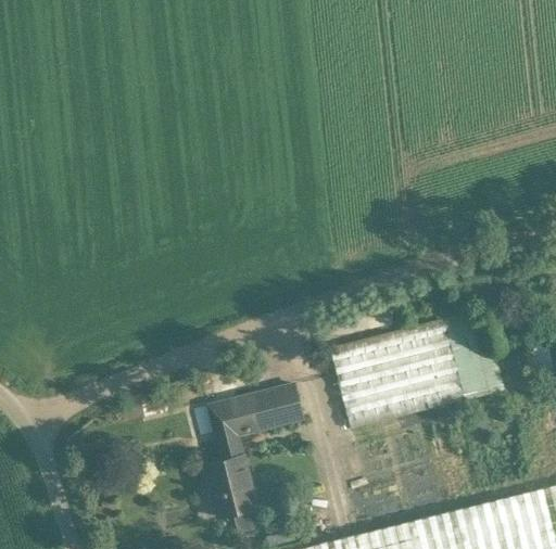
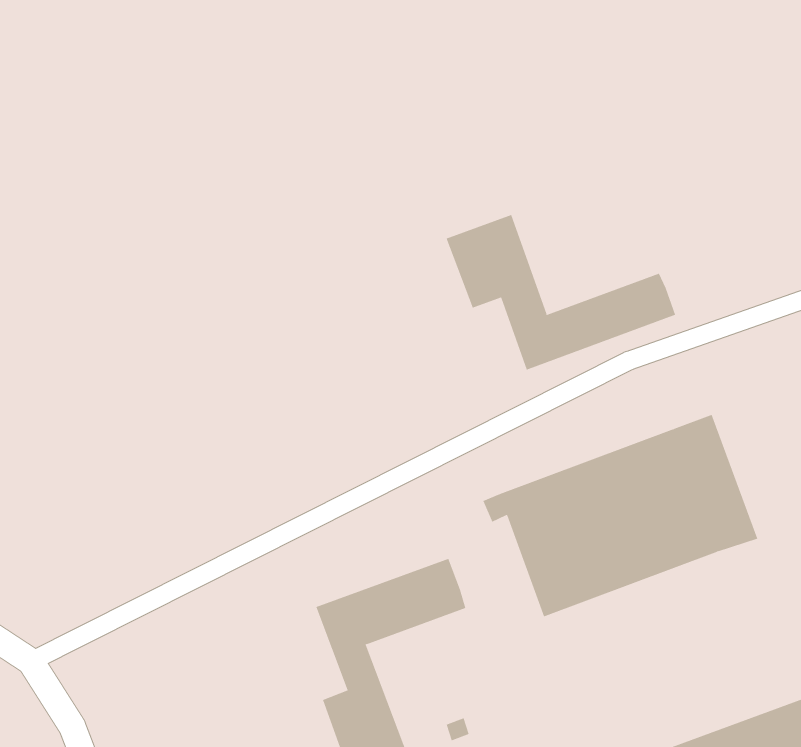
building: none -> [446,214,676,371]

